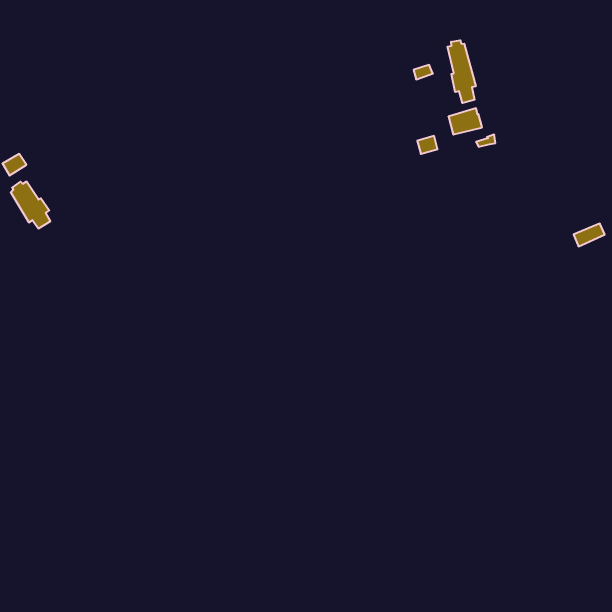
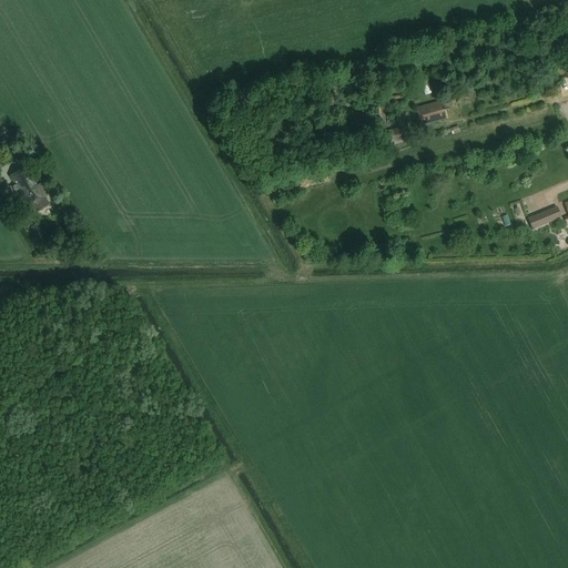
building: [448,40,476,103] -> none

